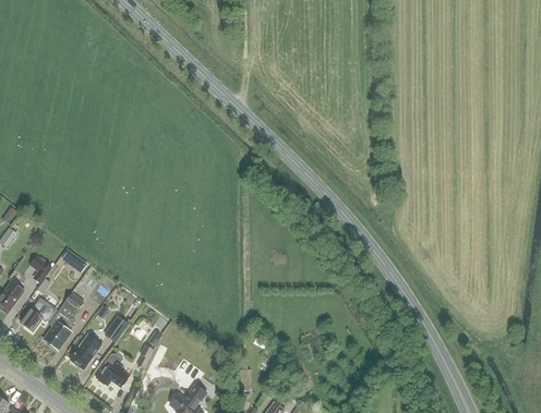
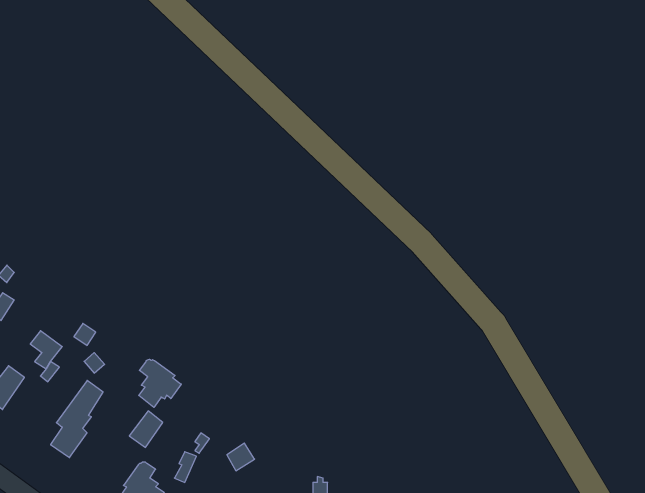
building: none -> [139,359,181,407]
building: [21,299,56,330] -> none
building: [70,335,101,368] -> none

